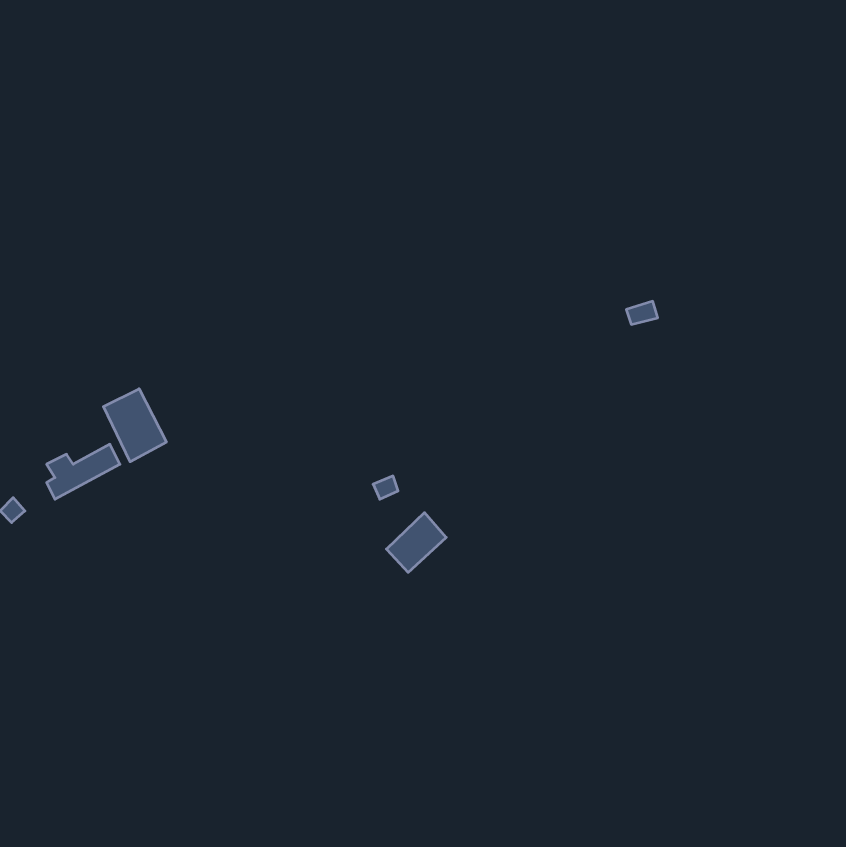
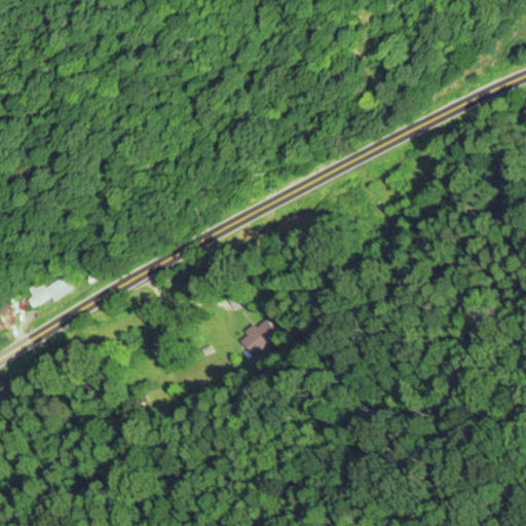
building: [103,389,166,462] -> none

